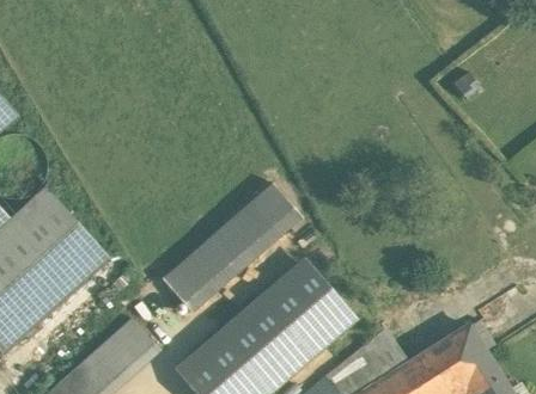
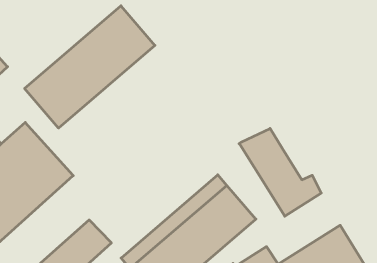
building: none -> [25,6,155,128]
building: [162,183,300,310] -> none
building: none -> [239,128,321,216]

